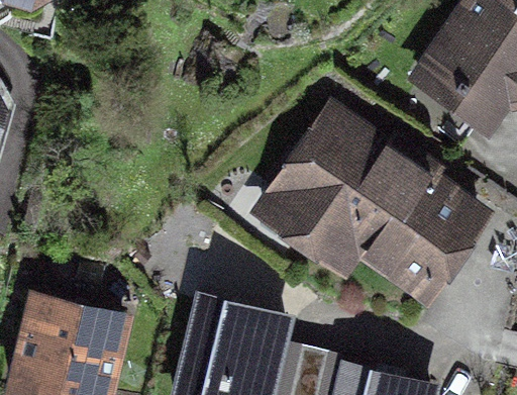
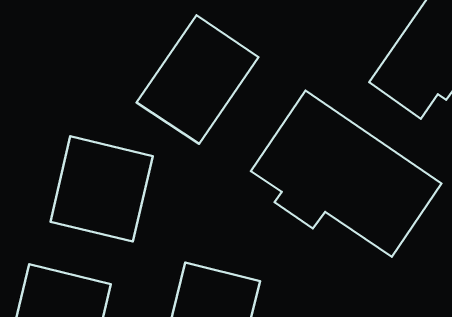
building: none -> [137,15,258,144]
building: none -> [51,136,153,241]

